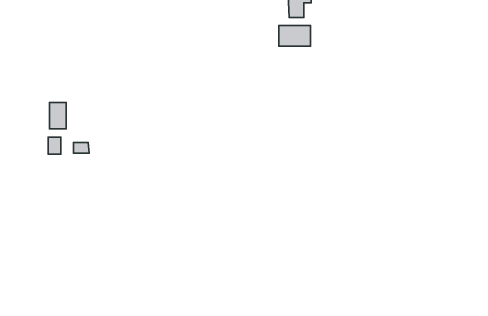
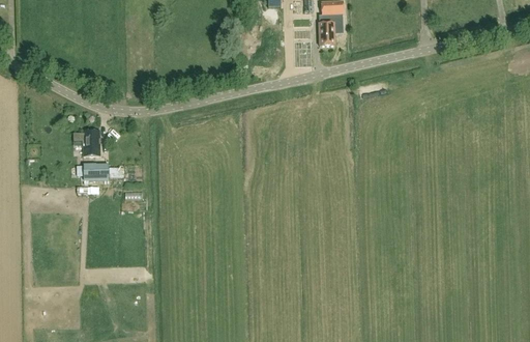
building: [279,25,310,46] -> none

